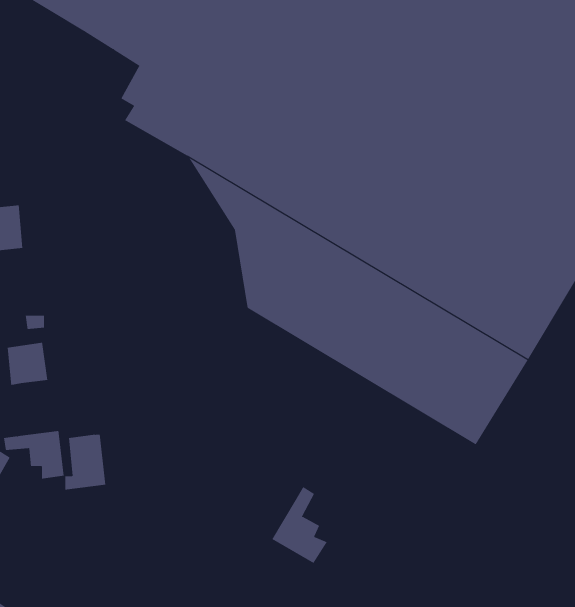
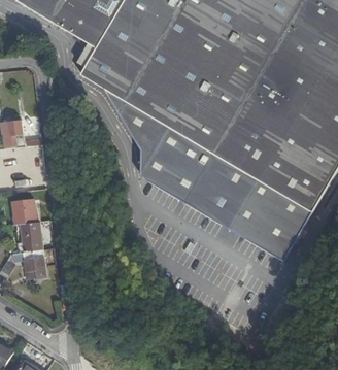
building: [65,434,106,490] -> [19,222,42,254]
building: [272,486,327,564] -> none

